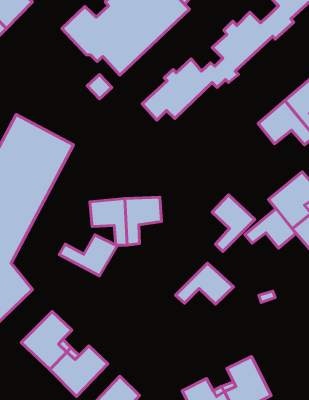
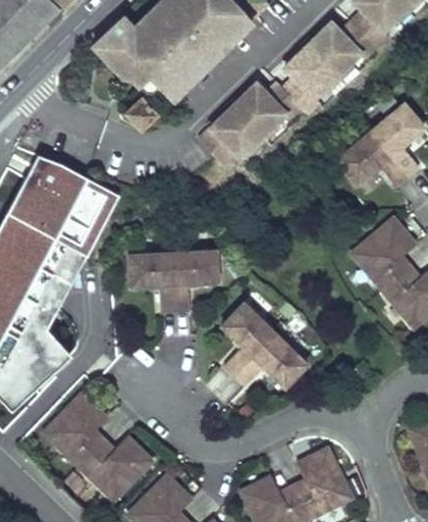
building: [212,195,255,251] -> [224,304,277,374]
building: [245,209,296,248] -> none
building: [59,235,117,276] -> none

